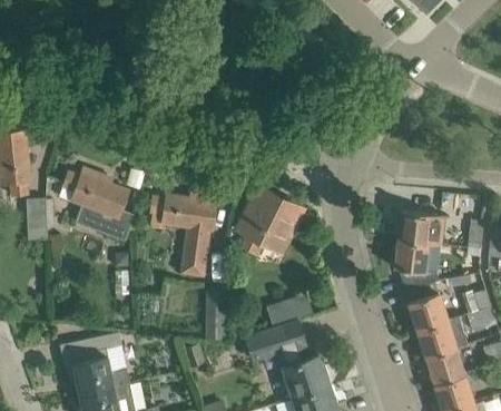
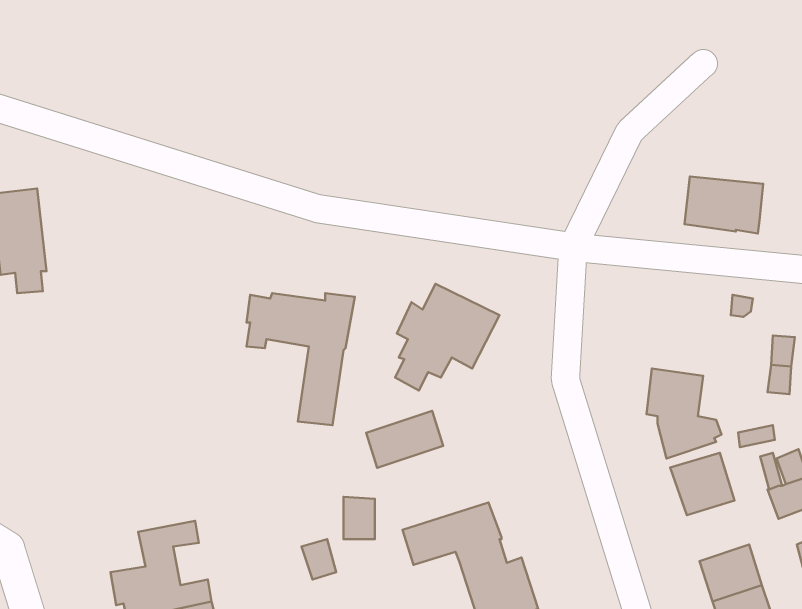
building: [60,168,134,241] -> none
building: [26,198,47,239] -> none
building: [396,212,444,246] -> [684,177,763,233]
building: [266,294,313,329] -> [366,411,443,468]
building: [418,317,468,358] -> none

